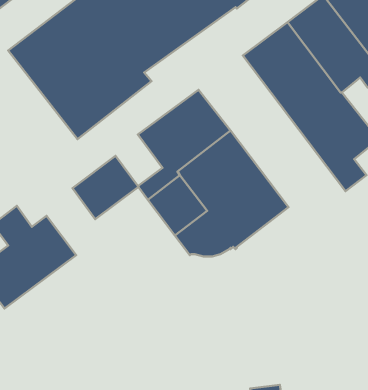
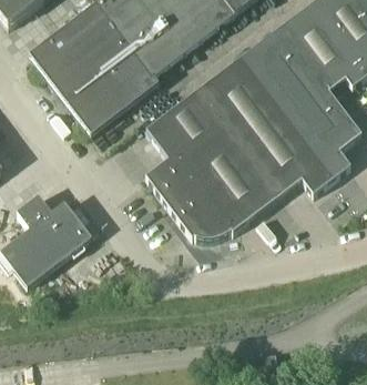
building: none -> [200,55,332,192]
building: [72,156,138,219] -> none

